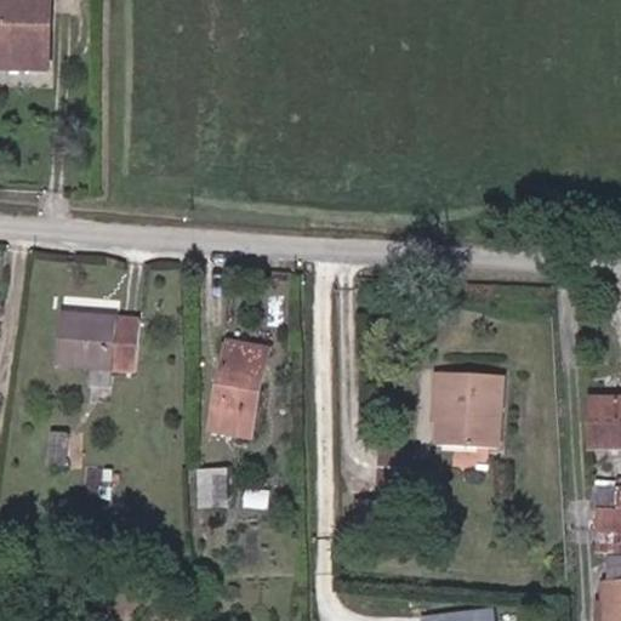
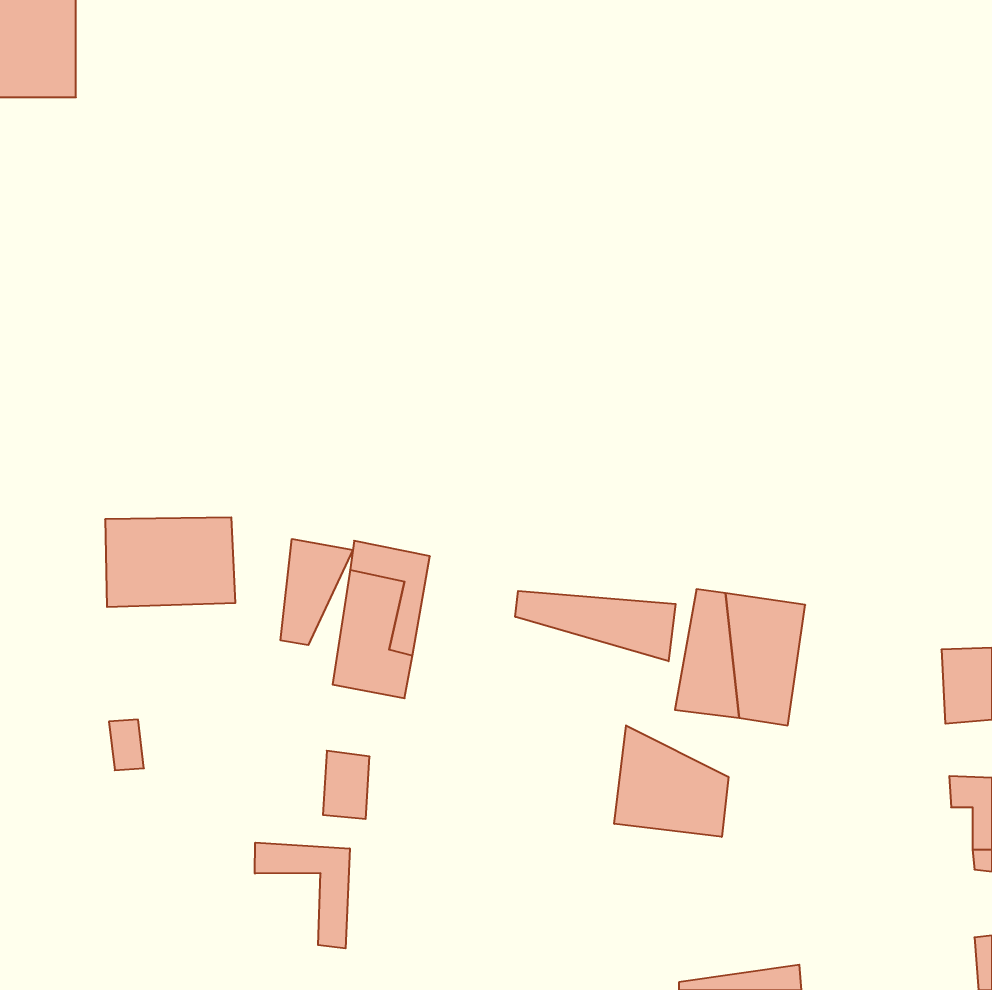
building: none -> [281,539,353,645]
building: none -> [515,591,676,661]
building: none -> [614,725,728,837]
building: none -> [255,843,350,948]

